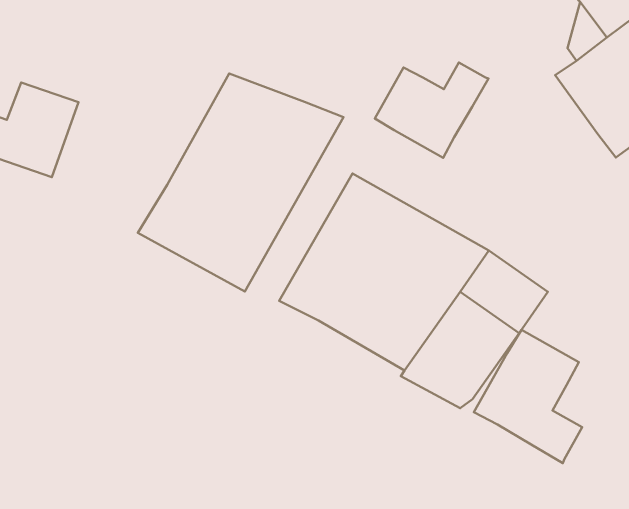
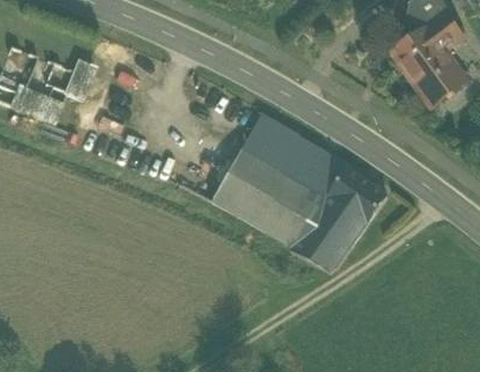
building: [375,63,488,158] -> none
building: [138,73,343,292] -> none
building: [474,330,582,463] -> none

